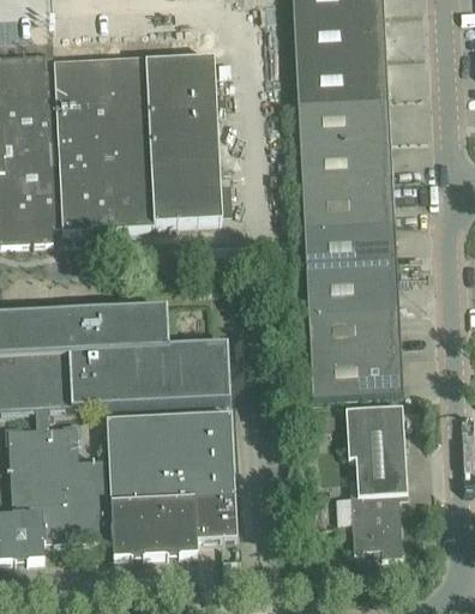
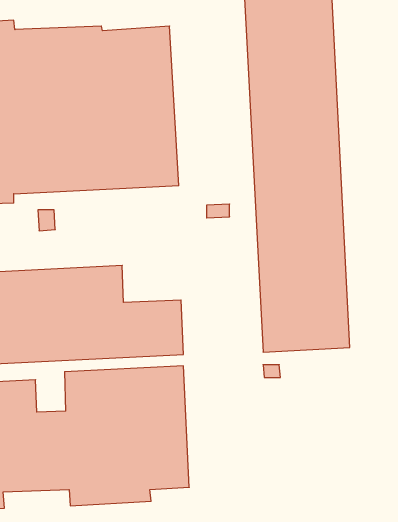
building: [345,402,408,554] -> none

